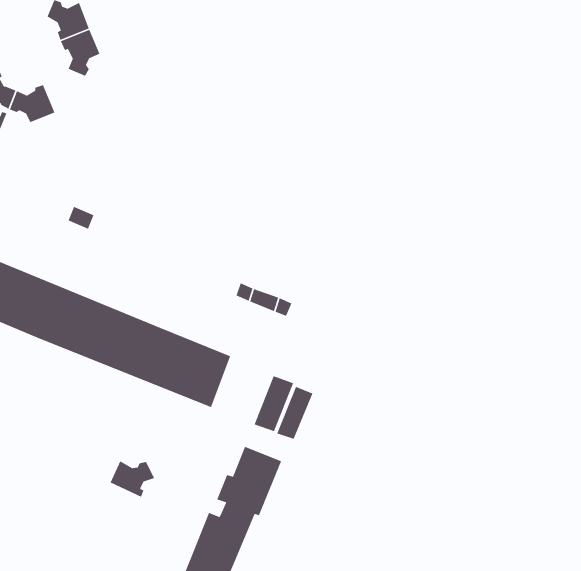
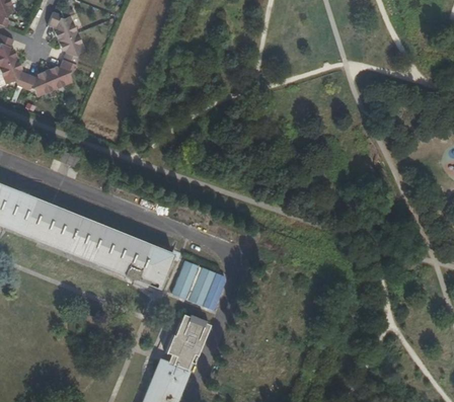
building: none -> [47,61,75,90]
building: none -> [172,260,200,300]
building: [110,460,155,498] -> none

